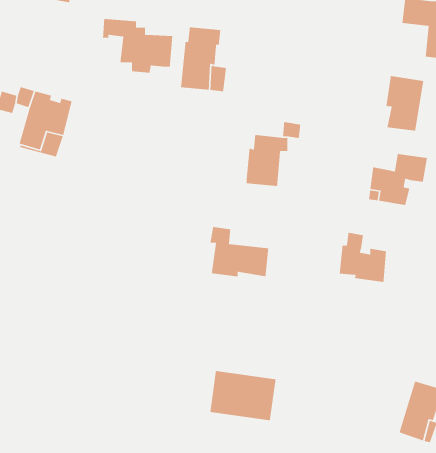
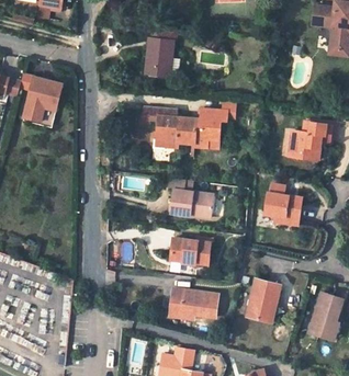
building: [102,18,173,73] -> [143,105,196,147]
building: [386,75,424,132] -> none
building: none -> [168,236,212,264]
building: none -> [247,278,281,321]

